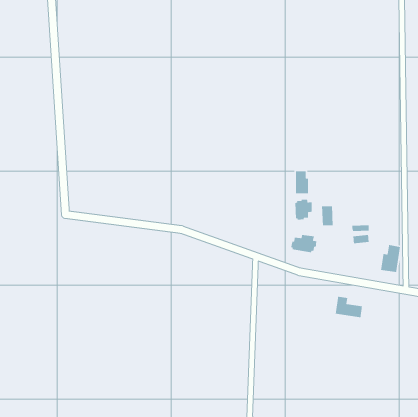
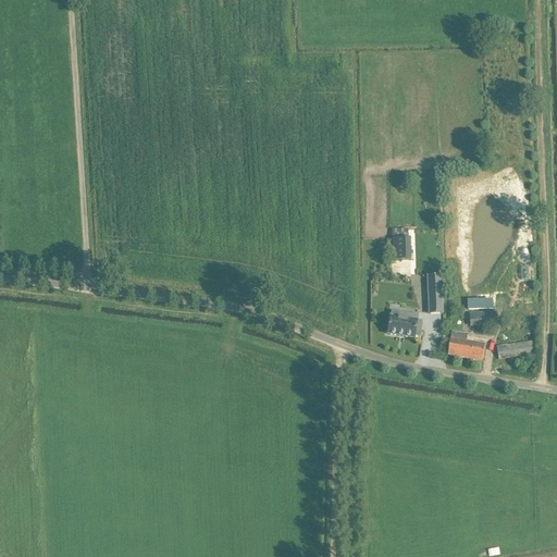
building: [295,199,313,220] -> none
building: [335,296,363,318] -> [447,330,484,359]

